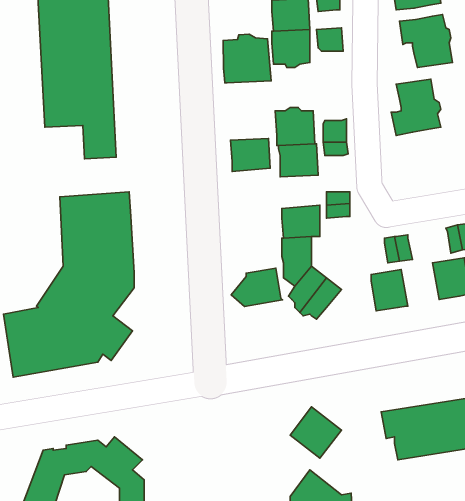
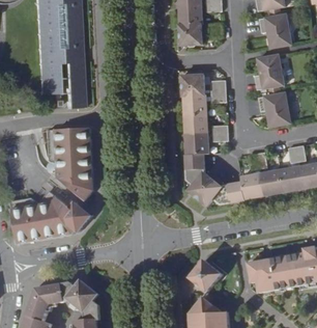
building: [223,34,271,83] -> none
building: [231,138,270,172] -> [184,114,209,135]
building: none -> [258,92,291,126]
building: none -> [260,169,284,196]
building: [231,268,283,306] -> [213,181,246,204]

